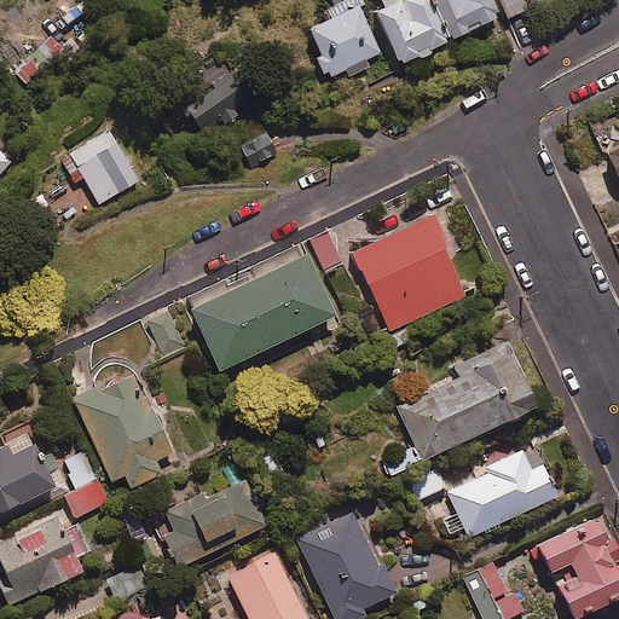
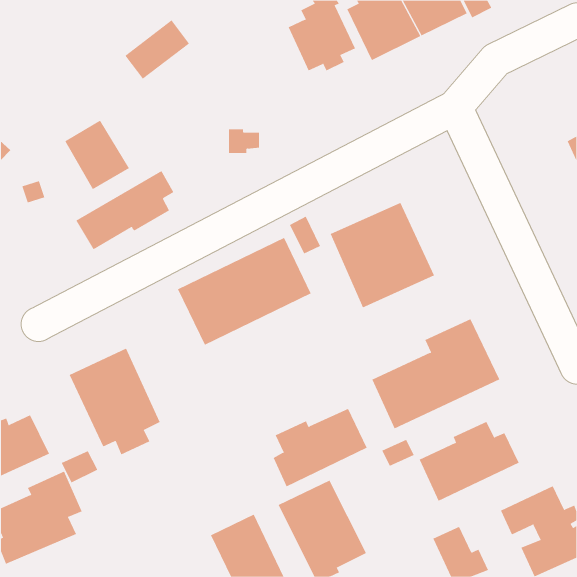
building: [185,69,255,133] -> [124,20,190,79]
building: none -> [75,170,174,250]
building: [163,482,265,567] -> [273,408,368,487]

